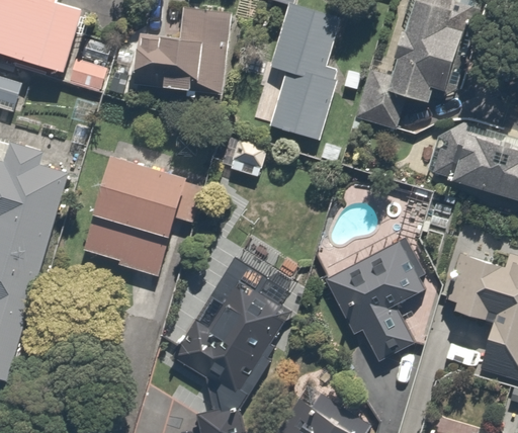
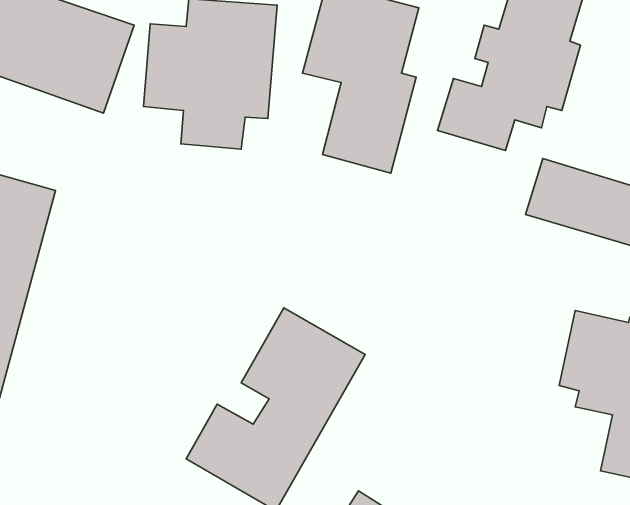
building: [88,161,195,279] -> none
building: [321,239,440,355] -> none

